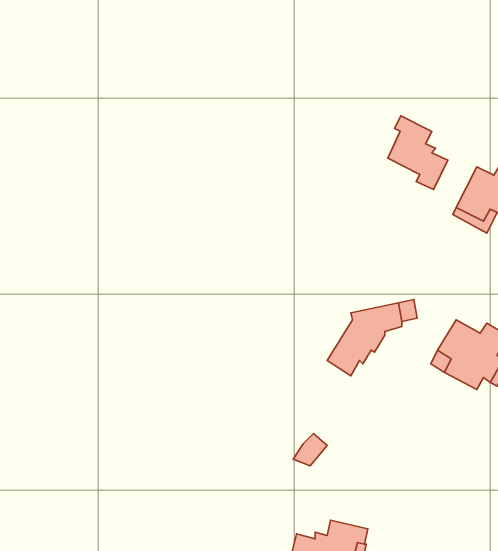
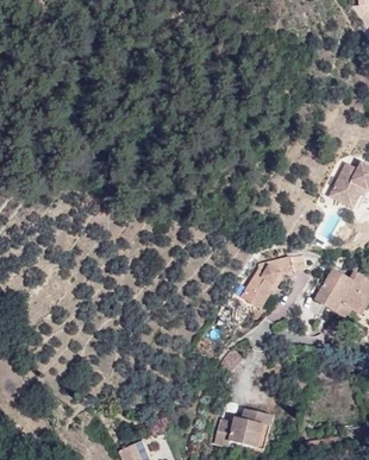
building: [388,116,448,190] -> none

